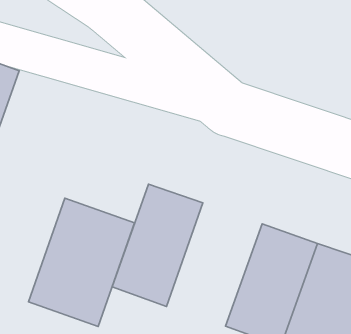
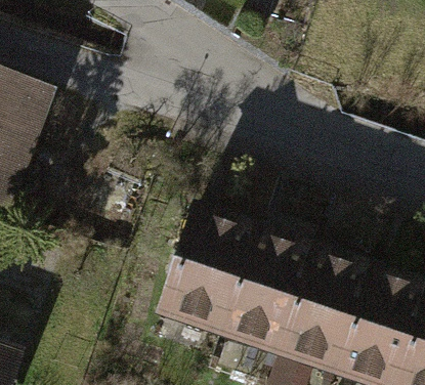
building: [28,198,135,326] -> none
building: none -> [209,223,308,351]

